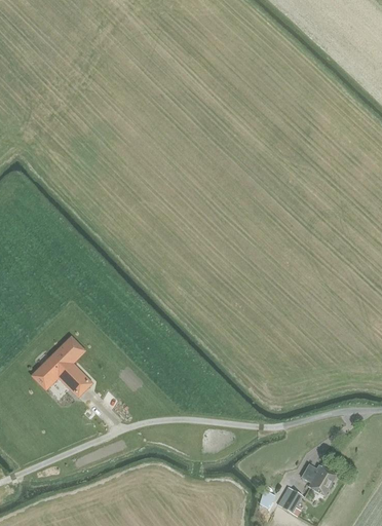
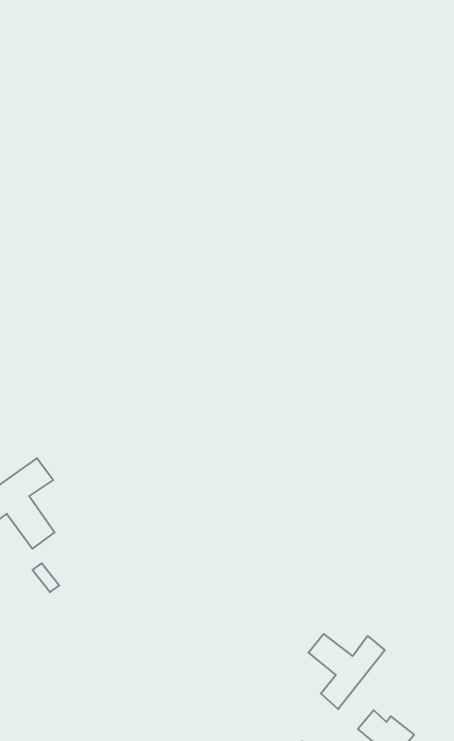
building: none -> [308,634,385,709]

